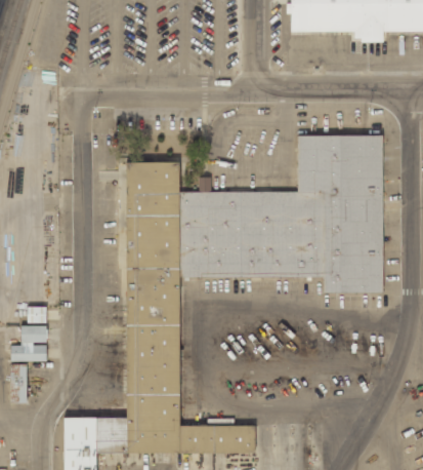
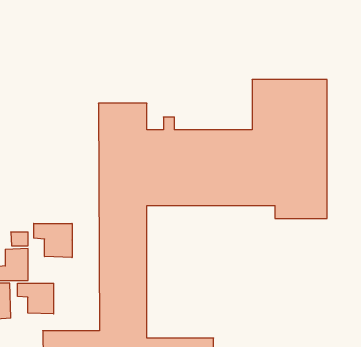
building: none -> [34,223,72,258]
building: none -> [18,283,54,314]

